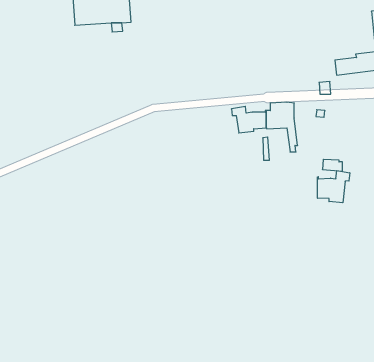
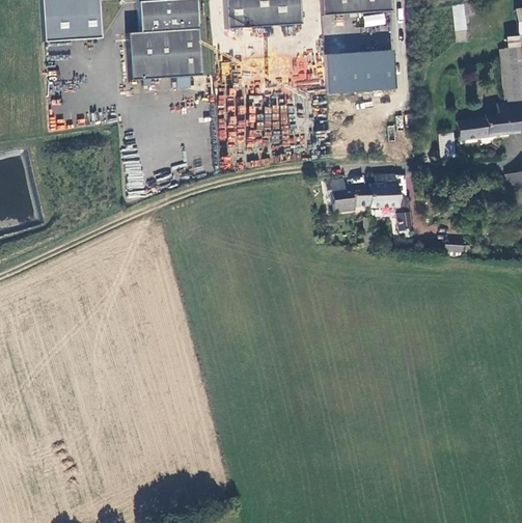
building: none -> [327,49,397,92]
building: [318,171,350,203] -> none

